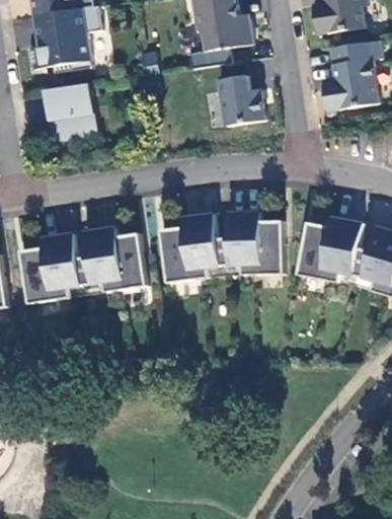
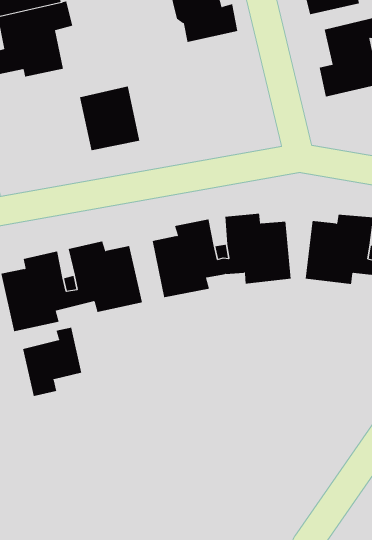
building: [217,75,263,126] -> none
building: [44,83,96,140] -> [79,86,140,151]
building: none -> [22,327,82,397]

